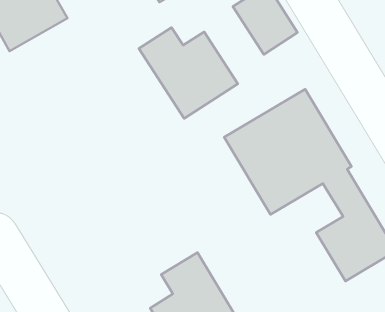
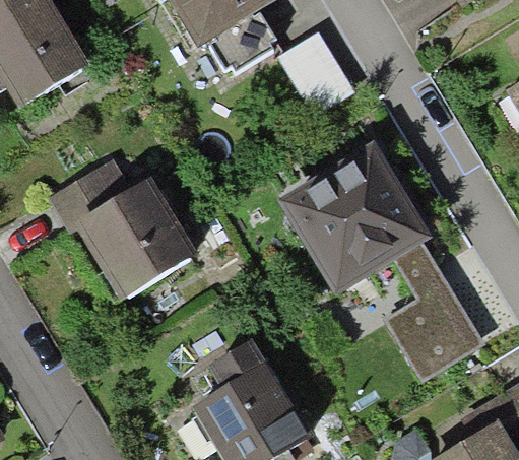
building: [139,27,238,118] -> none
building: none -> [68,180,196,301]

